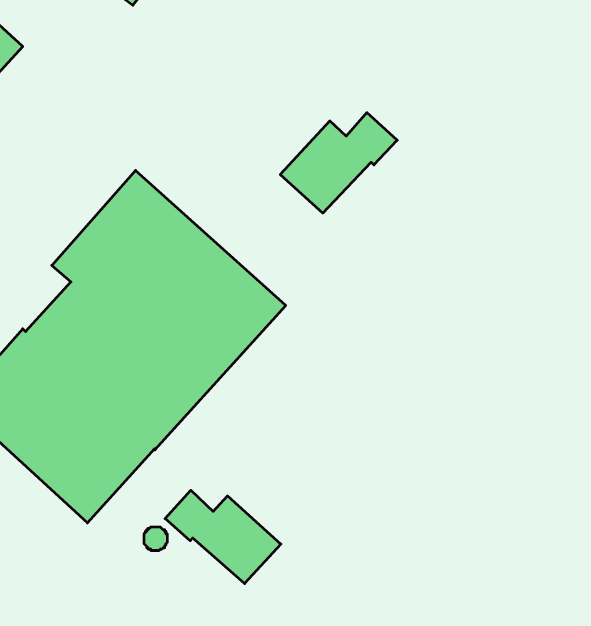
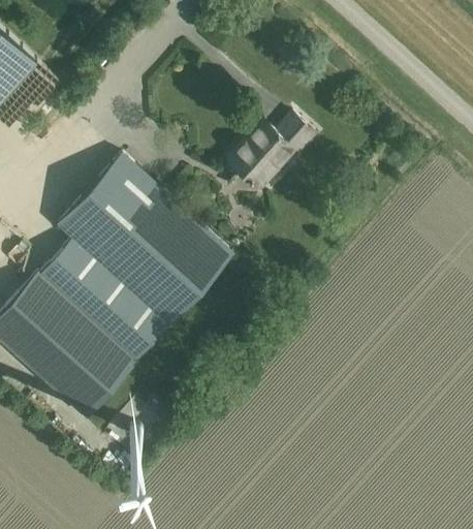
building: [165,490,281,584] -> none

